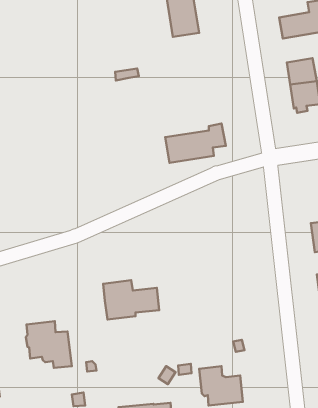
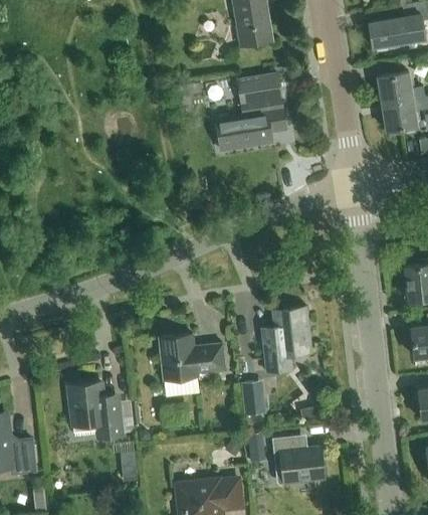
building: none -> [239,73,282,105]
building: [165,124,226,163] -> [216,104,287,150]
building: none -> [262,307,311,371]
building: none -> [242,380,266,414]

